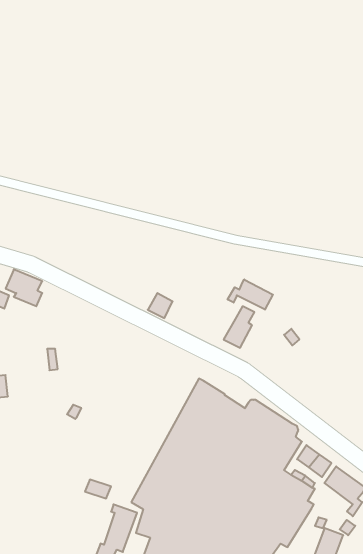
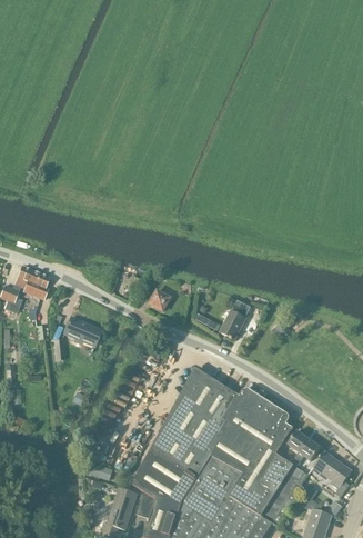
building: [228,279,273,310] -> none
building: none -> [63,318,101,348]

